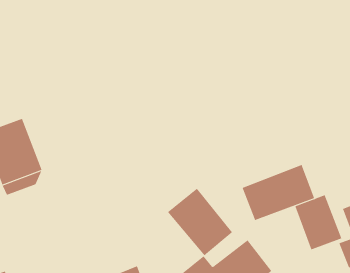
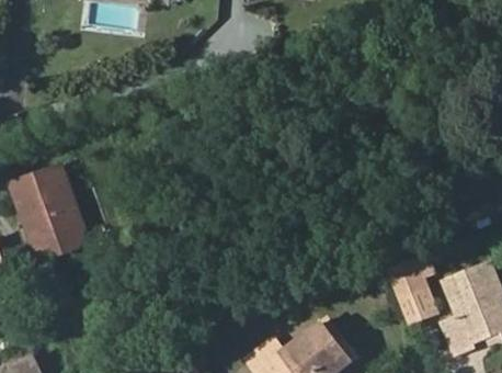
building: [242,164,315,221] -> none
building: [167,188,233,256] -> none

